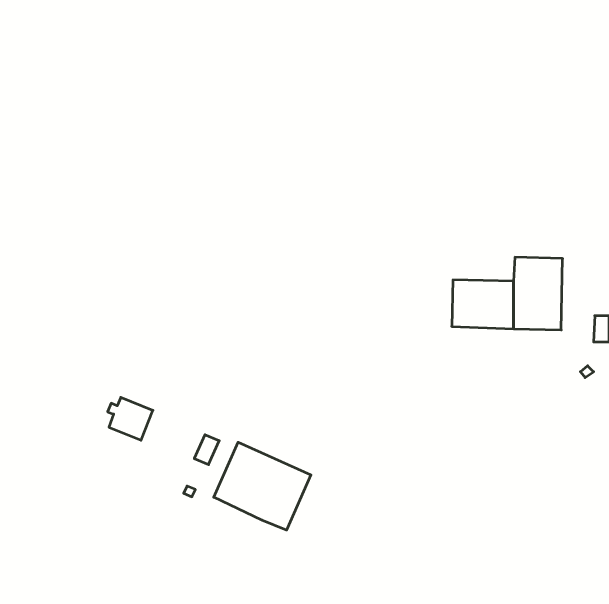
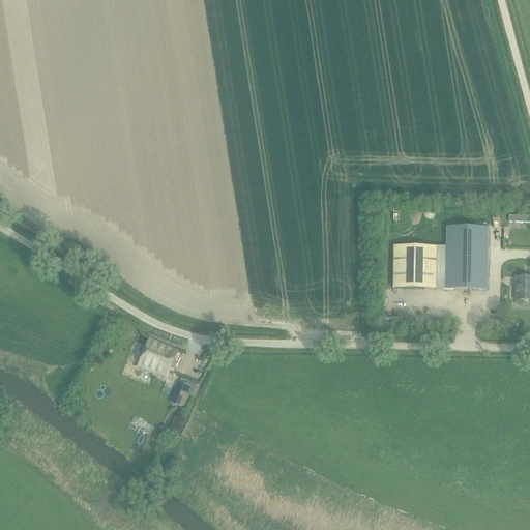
building: [108,397,153,440] -> [138,336,177,374]
building: [214,442,311,530] -> none

